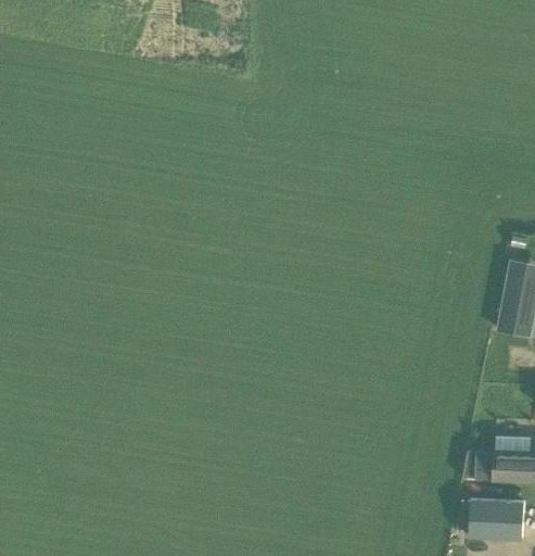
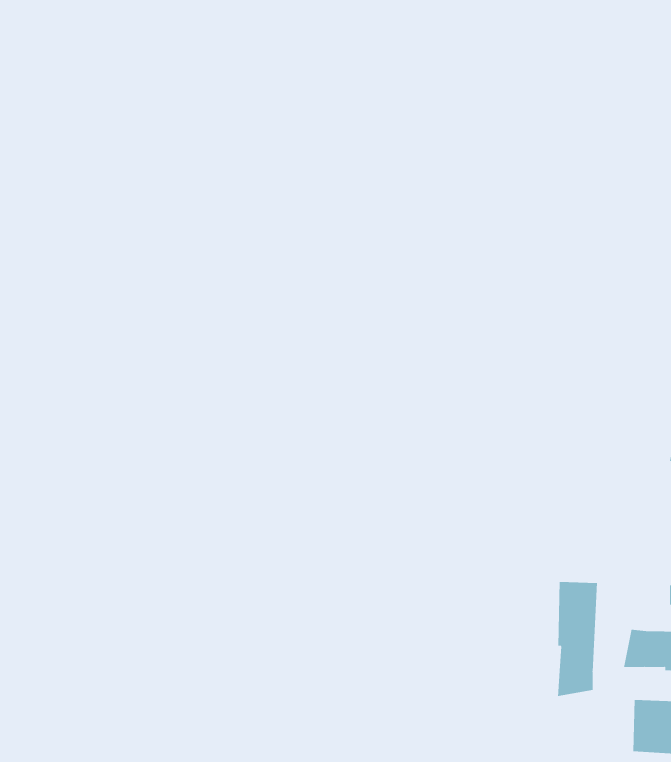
building: none -> [557,581,597,697]

